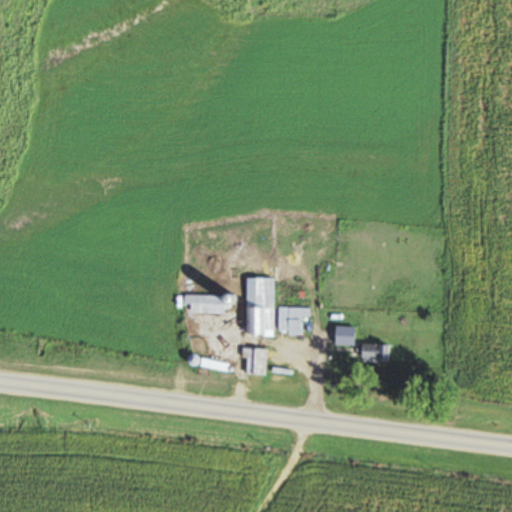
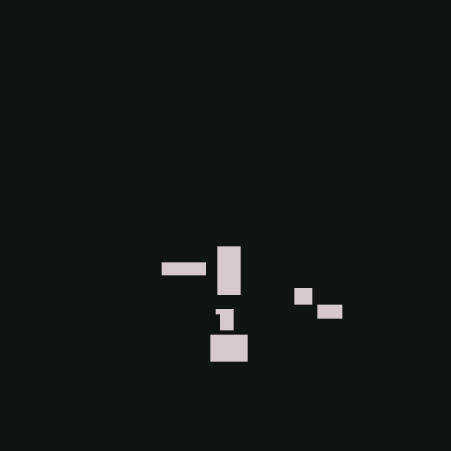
building: [278,307,308,334] -> none
building: none -> [210,334,248,363]

